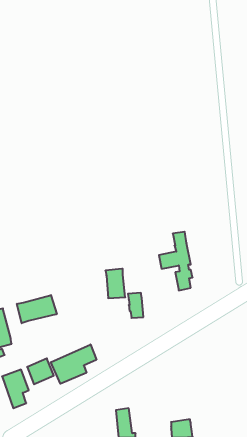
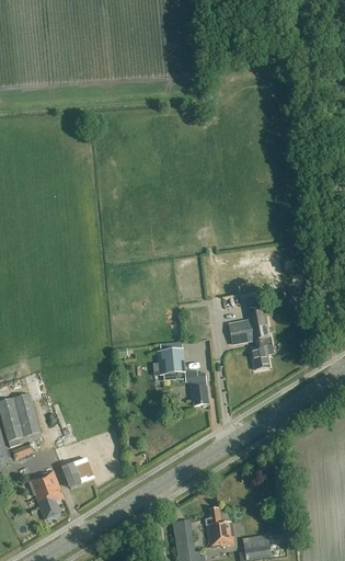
building: [17,295,57,323] -> none
building: [51,344,96,384] -> none
building: none -> [206,508,233,548]

